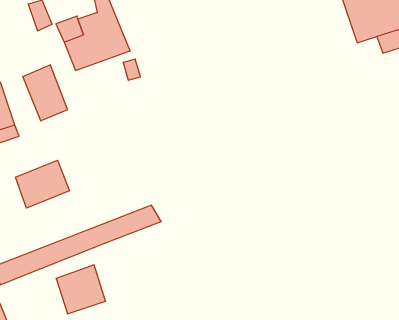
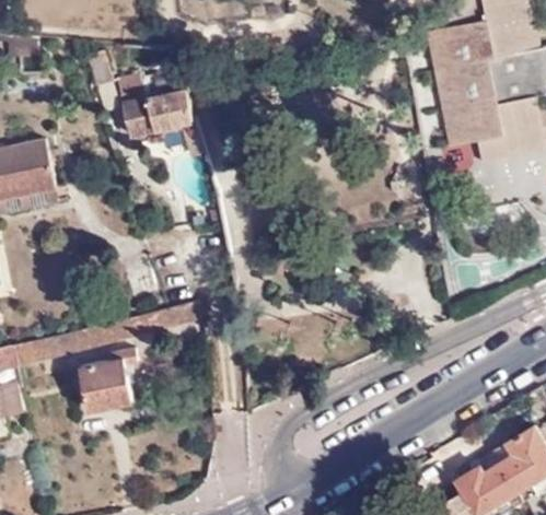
building: [23,65,67,121] -> none
building: [16,160,69,208] -> none

